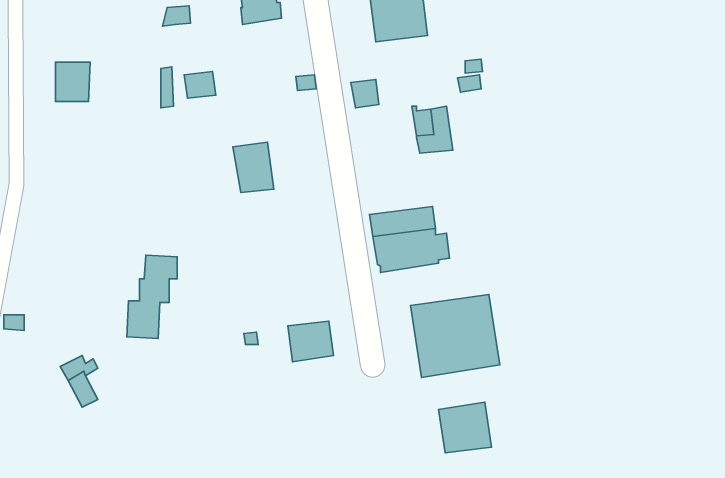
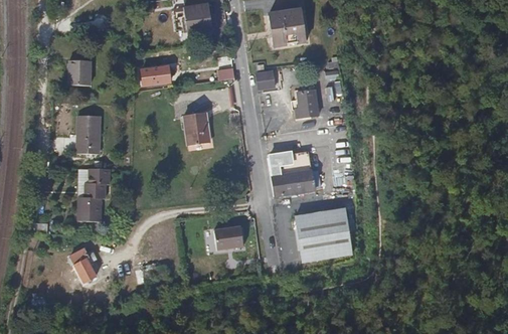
building: none -> [76,115,100,153]
building: [127,255,177,338] -> [76,167,109,220]
building: [439,402,492,453] -> none

